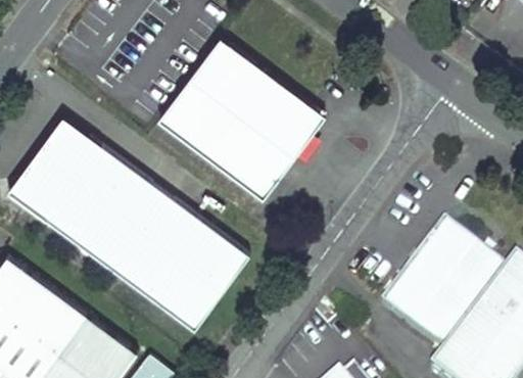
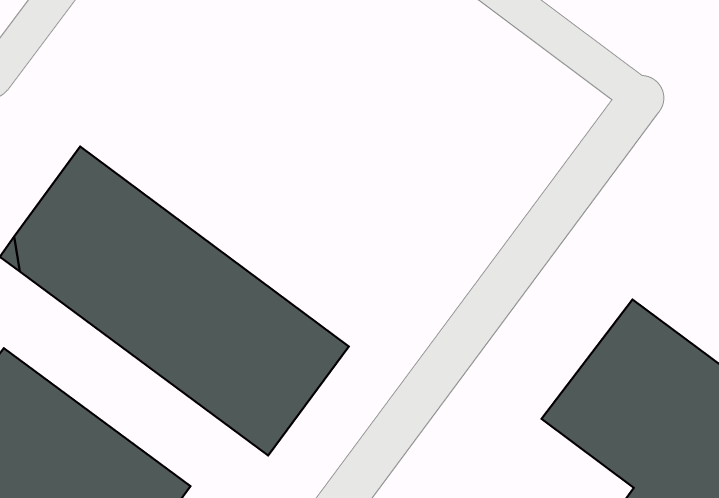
building: [162,38,329,199] -> none

